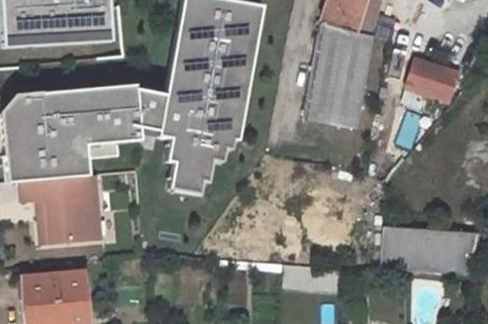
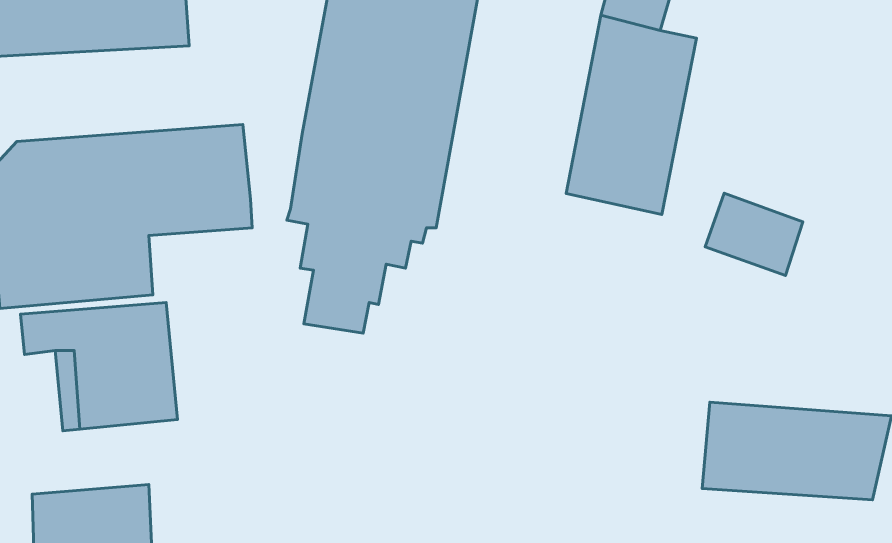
building: [408,60,460,103] -> [705,193,803,276]
building: [137,81,169,125] -> none

